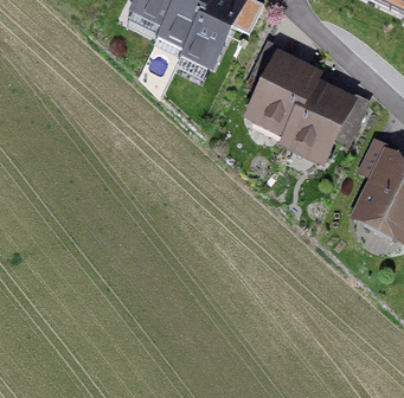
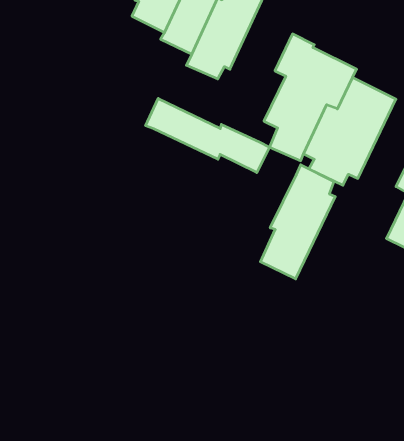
building: none -> [146,98,269,173]
building: none -> [260,165,335,279]

